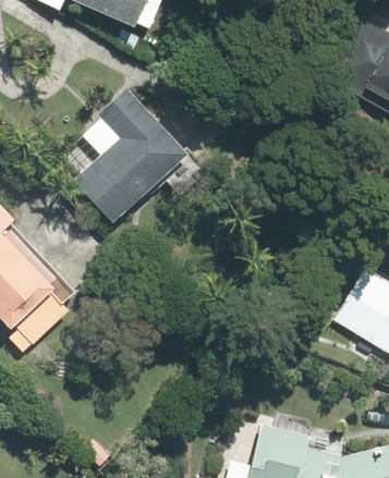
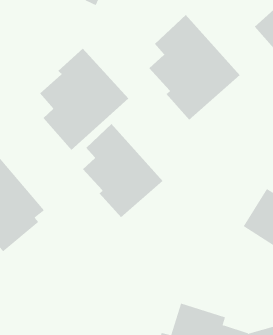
building: none -> [149,14,241,121]
building: none -> [82,123,163,218]

